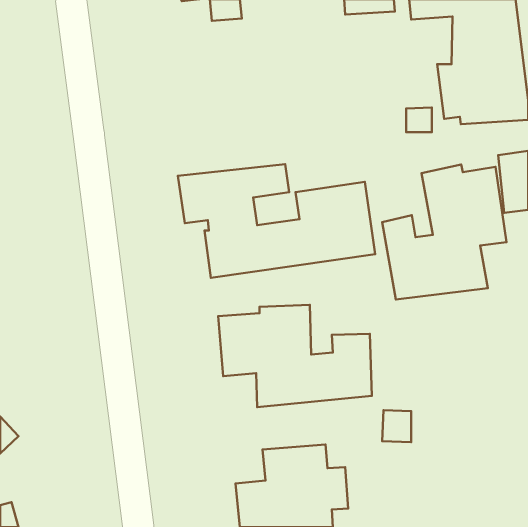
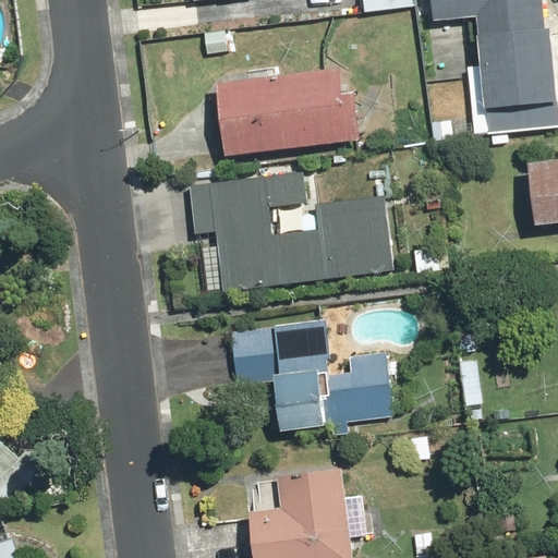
building: none -> [216,66,362,155]
building: [382,164,507,299] -> none

